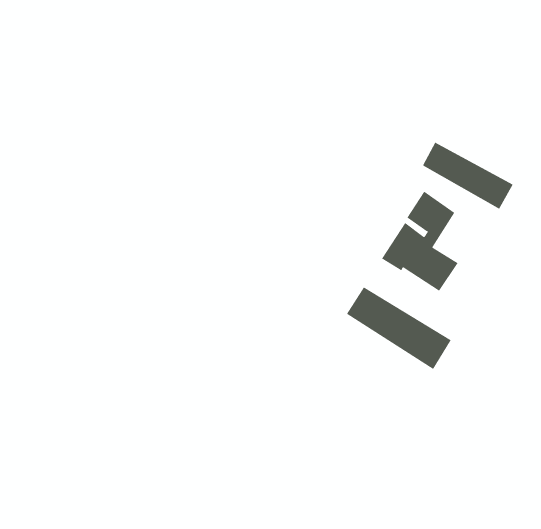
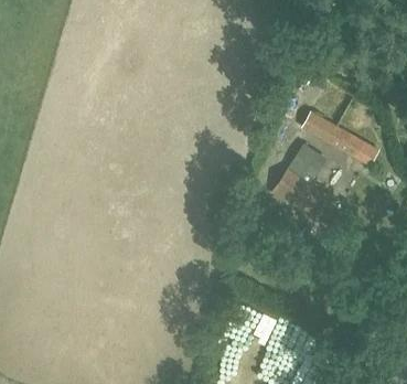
building: [346,287,452,370] -> none

